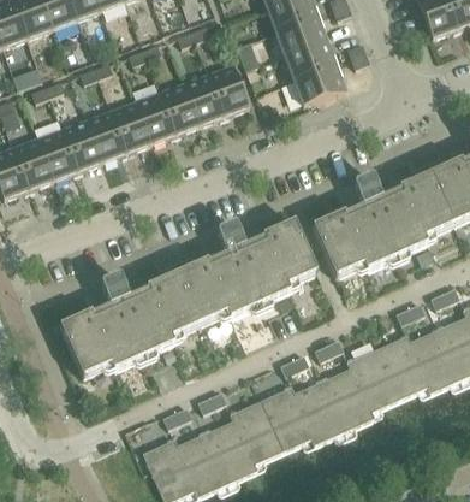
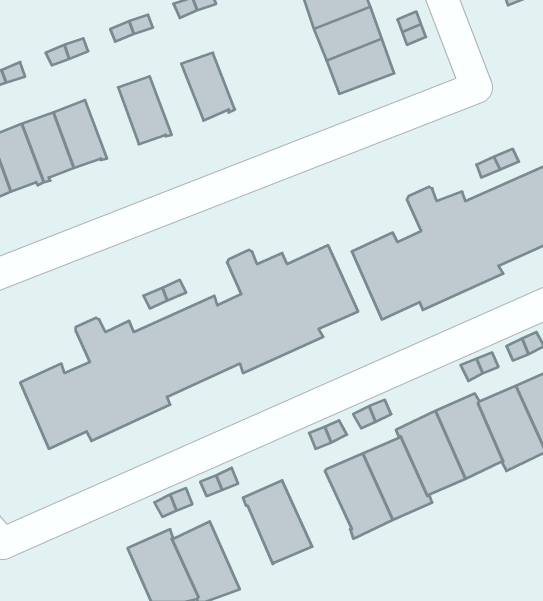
building: [207,65,249,118] -> none
building: [159,83,200,137] -> none
building: [109,101,150,155] -> none
building: [260,386,313,451] -> none
building: [204,420,257,484] -> none

